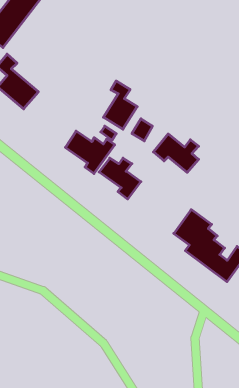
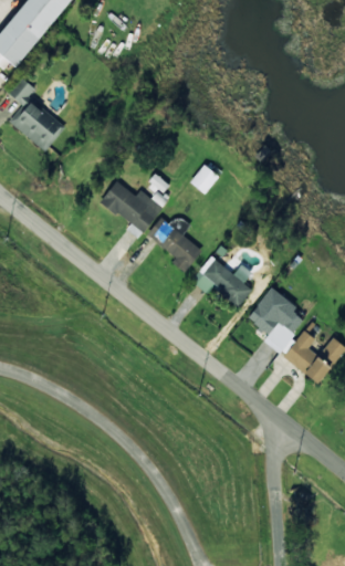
building: [103,81,137,129] -> none
building: [153,134,199,172] -> [191,255,252,307]

